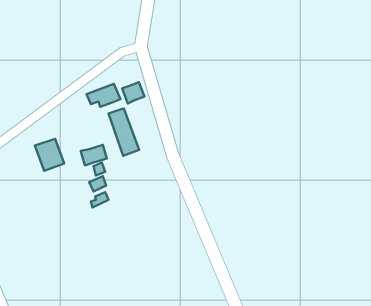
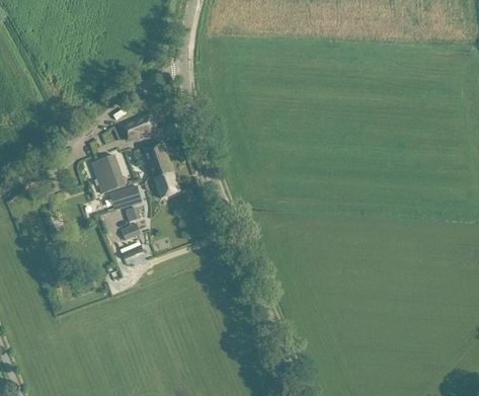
building: [122,82,144,104] -> none
building: [35,139,64,171] -> [91,154,127,192]

